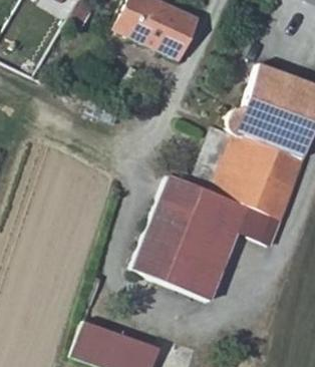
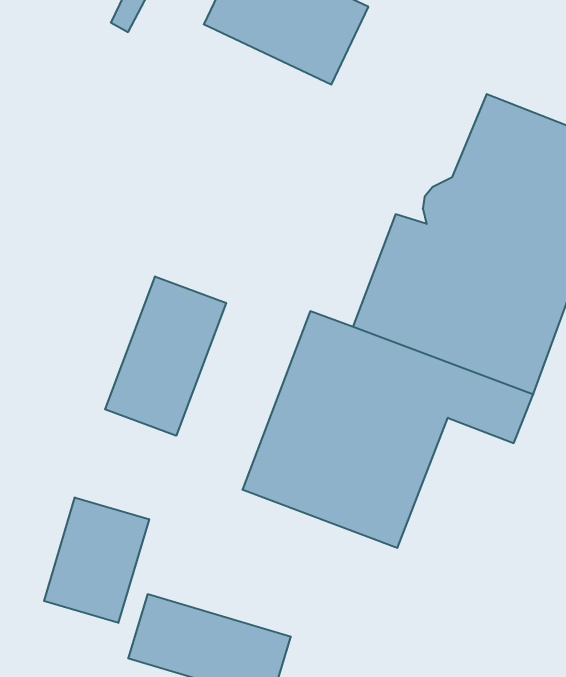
building: none -> [105,276,226,436]
building: none -> [44,497,149,623]

